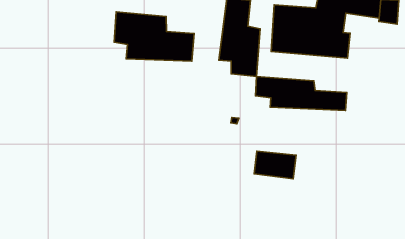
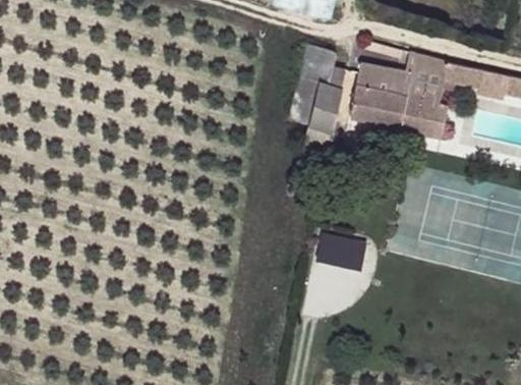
building: [114,12,194,61] -> none
building: [256,77,347,110] -> none

